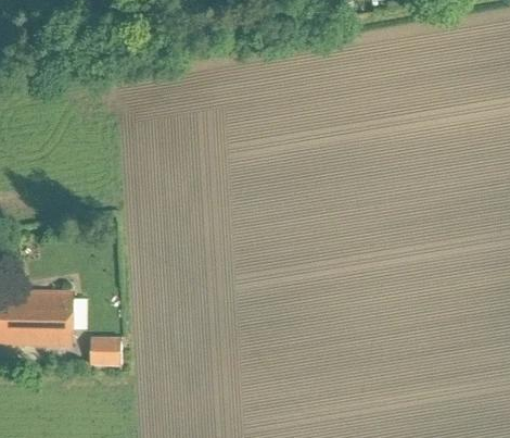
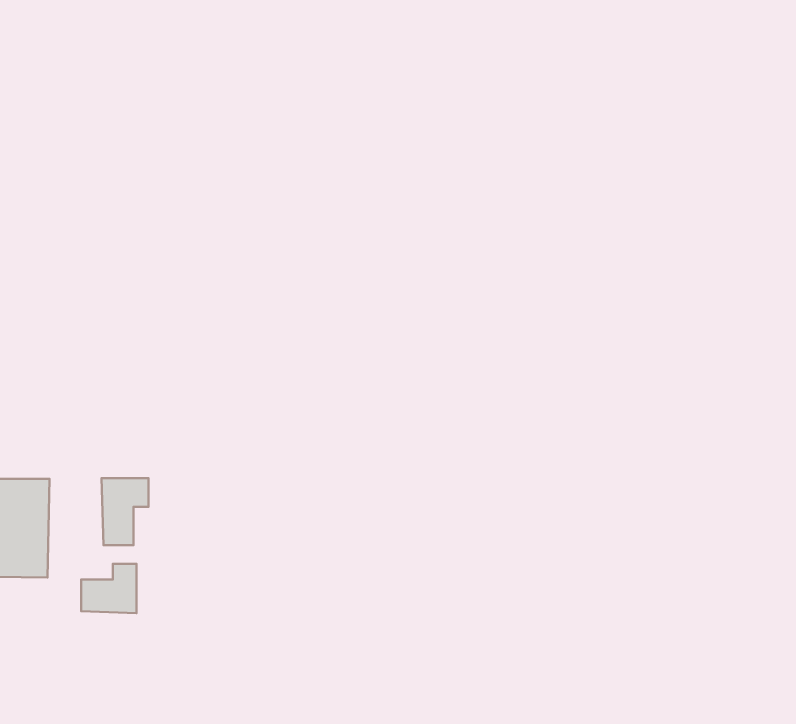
building: none -> [102,478,148,545]

